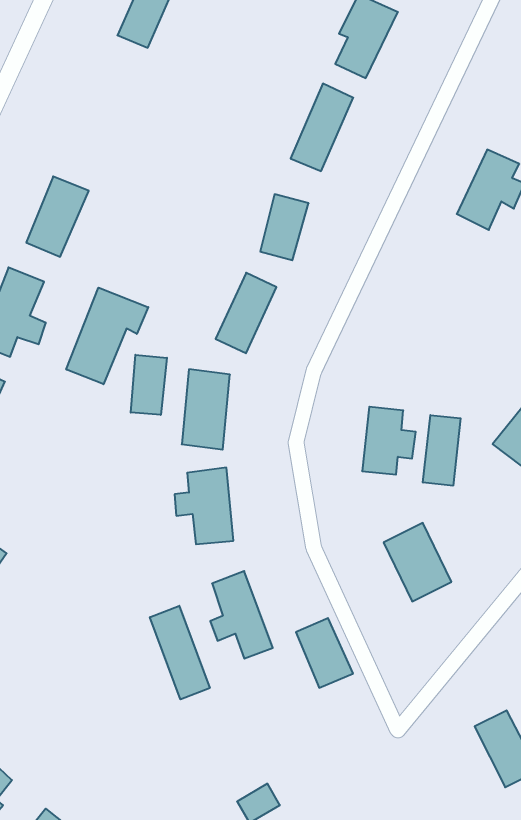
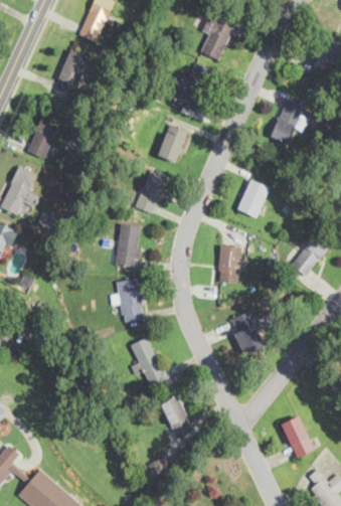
building: none -> [57,50,90,88]
building: [66,288,148,384] -> none
building: none -> [236,179,270,218]
building: [131,355,167,415] -> none
building: [423,415,461,486] -> none
building: [150,606,210,699] -> none
building: [296,618,353,688] -> [160,395,192,435]

